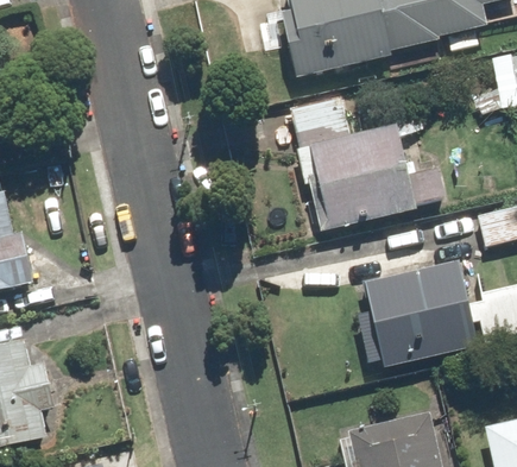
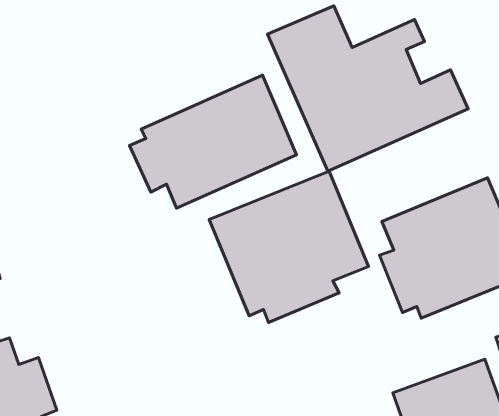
building: none -> [129,75,296,208]
building: none -> [209,171,369,323]

